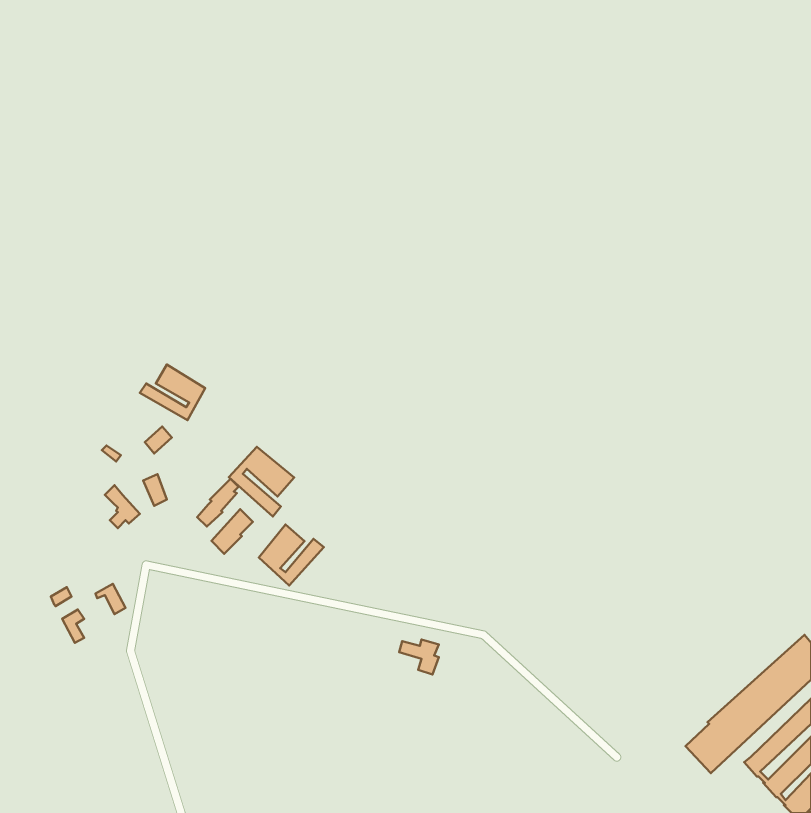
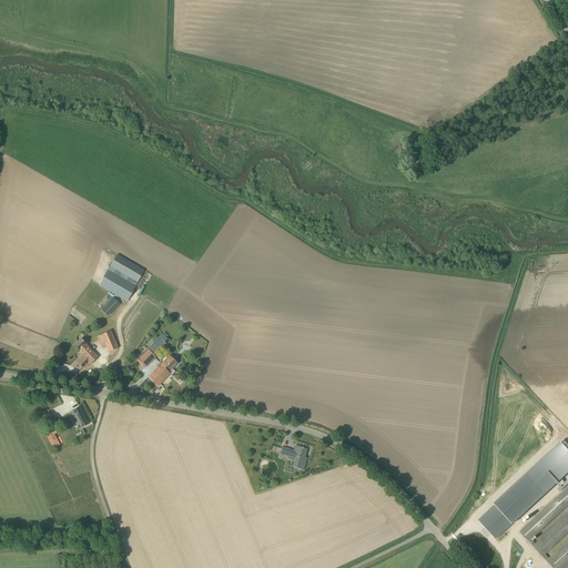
building: [229,447,294,517] -> none
building: [259,524,324,585] -> none

